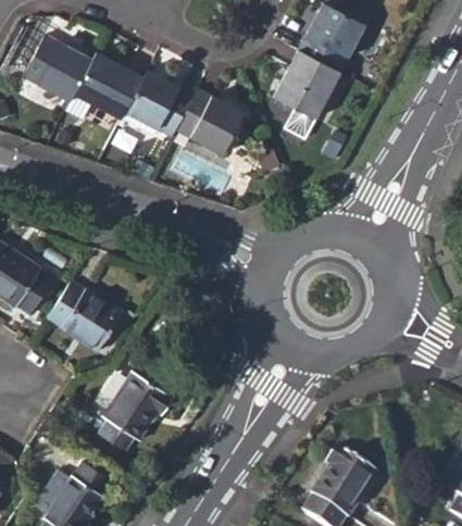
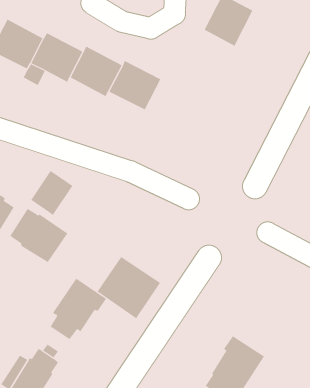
building: [273,49,339,138] -> none
building: none -> [31,170,73,216]
building: none -> [97,256,161,319]

